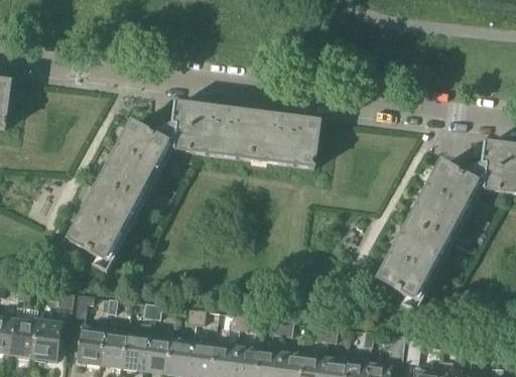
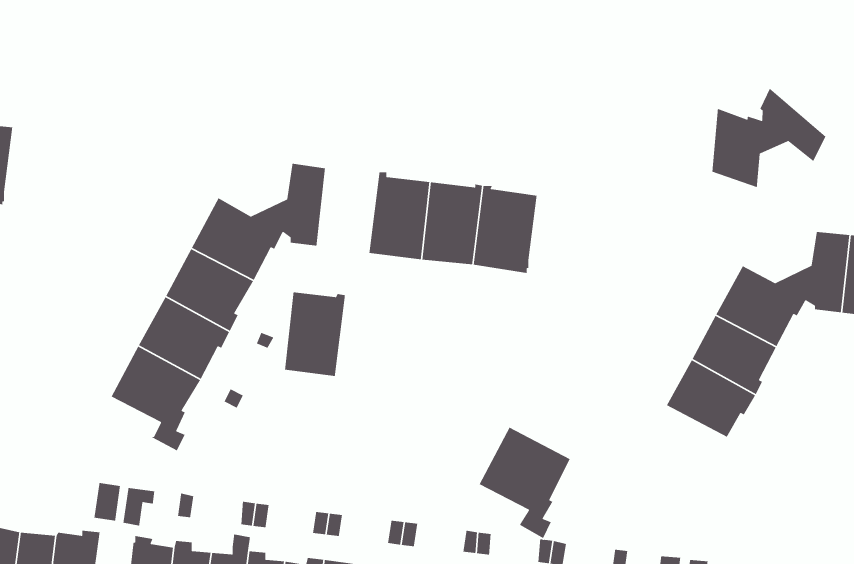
building: none -> [712,88,827,188]
building: [189,107,226,157] -> [284,292,346,377]
building: [377,247,431,313] -> [478,426,571,539]

